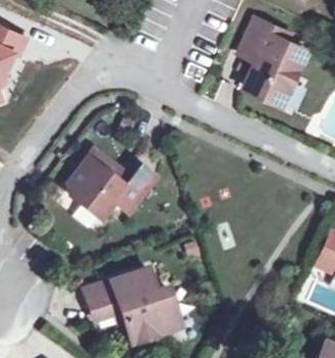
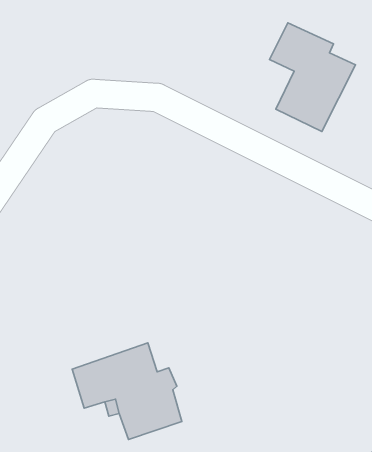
building: [67,149,151,220] -> none

